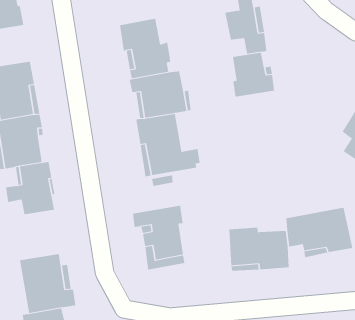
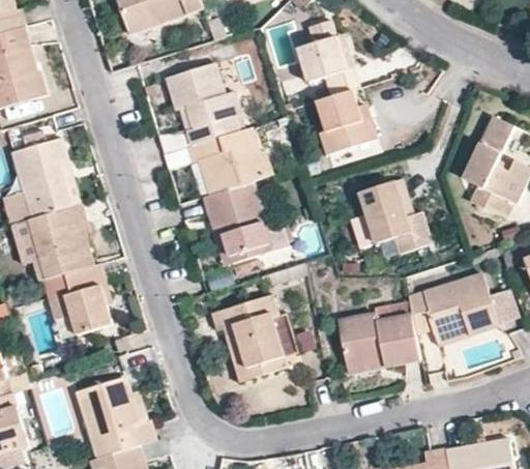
building: none -> [350,180,429,254]

